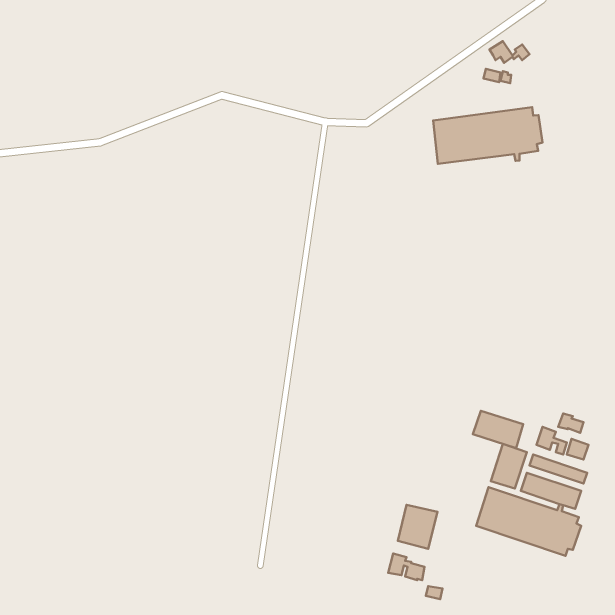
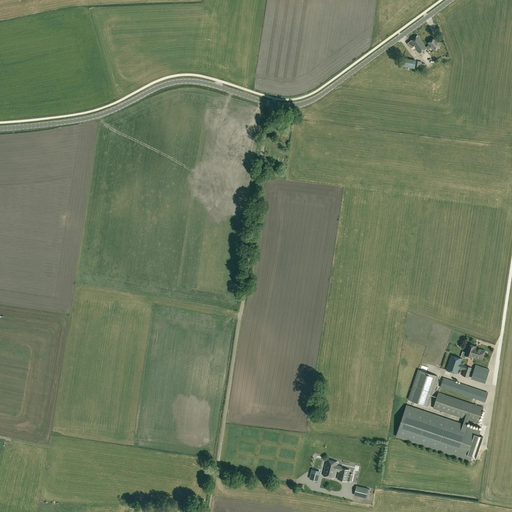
building: [433,107,542,164] -> none
building: [473,411,523,448] -> none
building: [398,505,437,549] -> none

